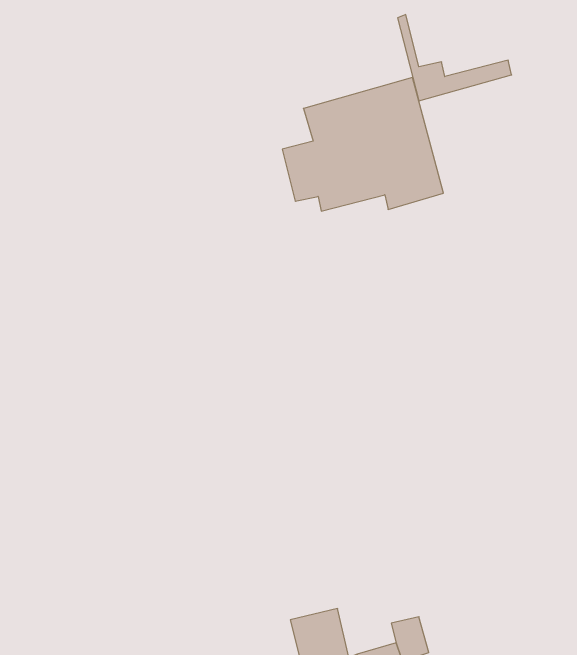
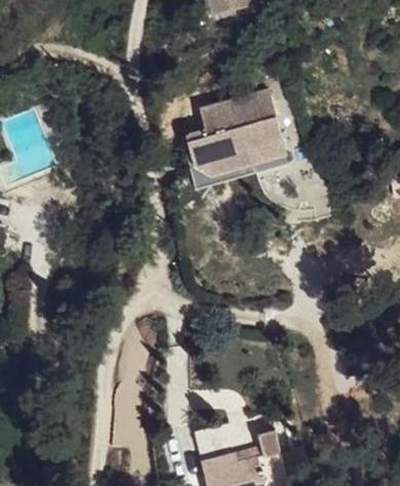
building: [398,15,512,101] -> [183,132,254,187]

